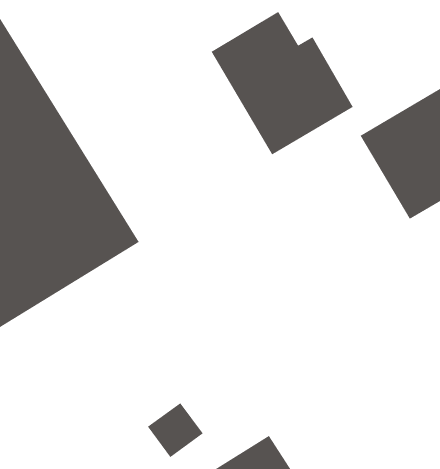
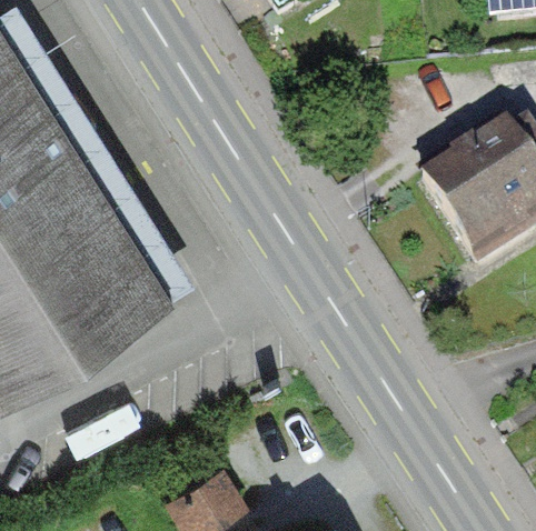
building: [211,11,354,155] -> none

